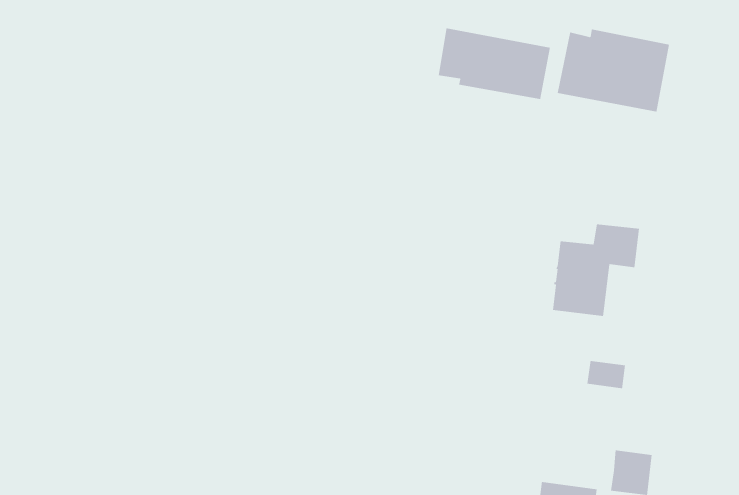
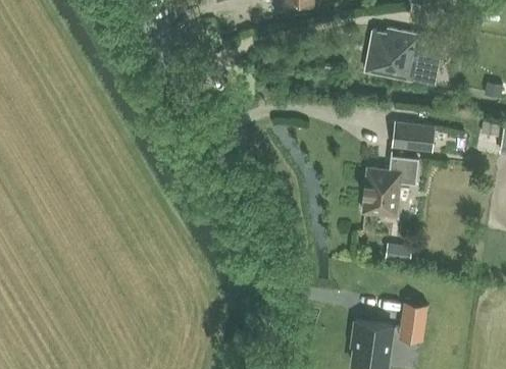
building: [438,27,550,100] -> none
building: none -> [392,122,437,151]

